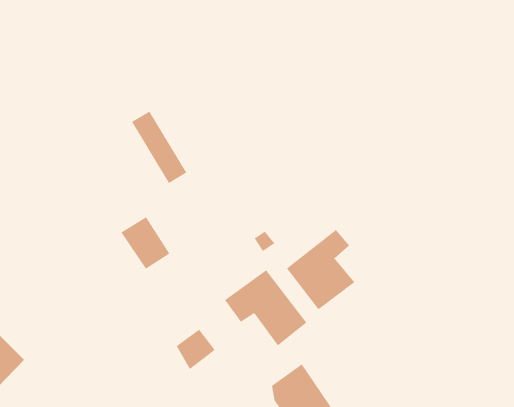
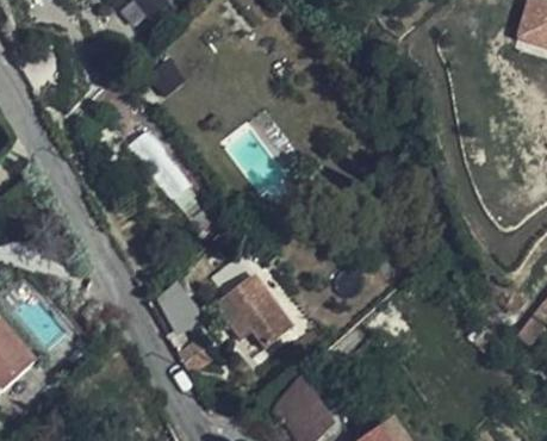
building: [121,216,170,270] -> [156,278,204,329]
building: [286,229,355,310] -> none

